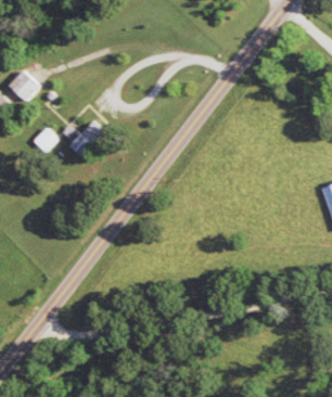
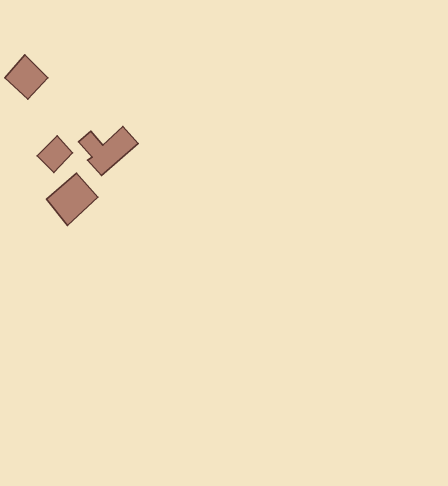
building: none -> [47,173,98,225]

